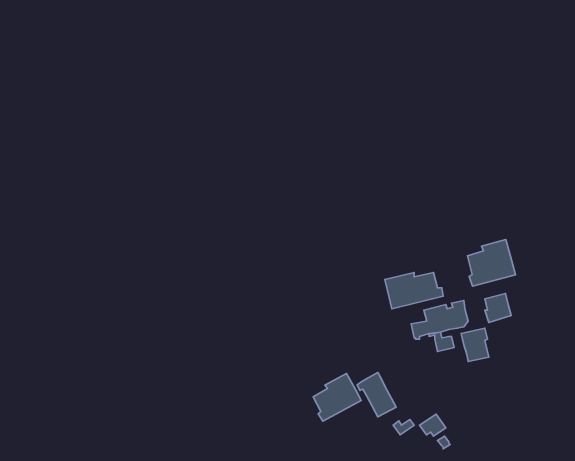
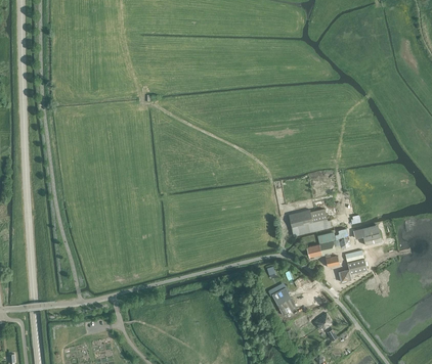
building: [468,240,515,286] -> none
building: [313,373,361,421] -> none

